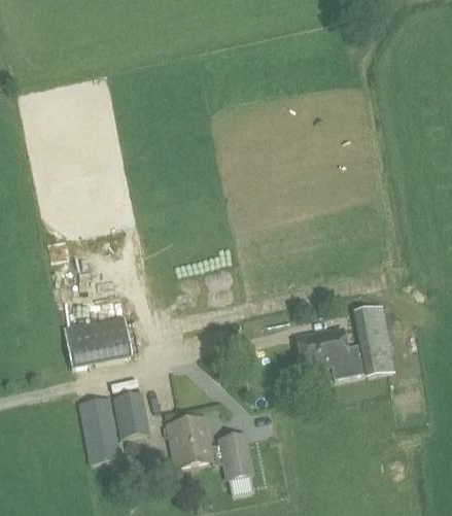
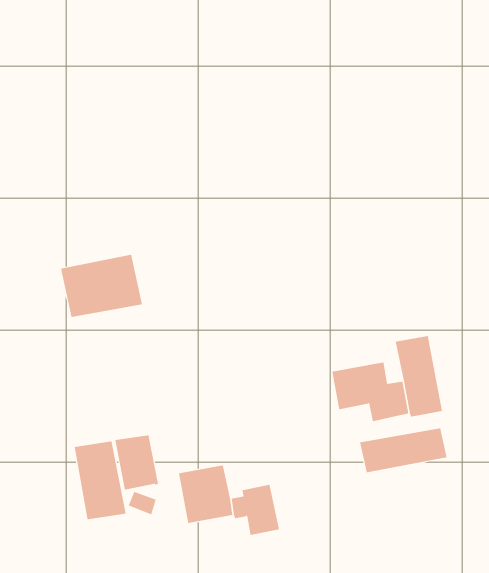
building: [62,312,133,367] -> [60,254,143,318]
building: none -> [359,427,447,473]

